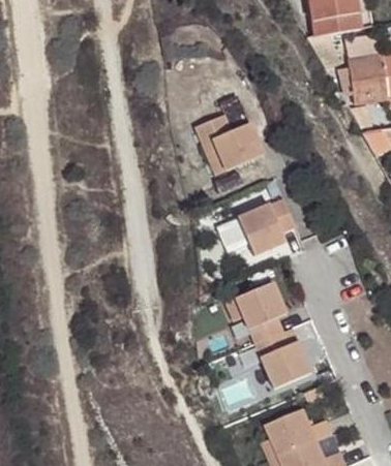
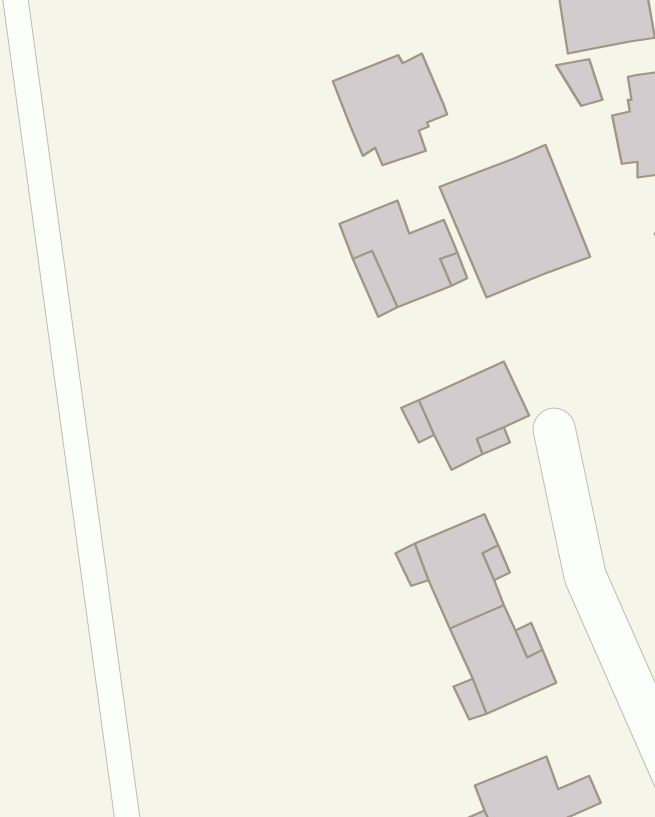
building: none -> [333,53,447,165]
building: none -> [440,145,590,297]

